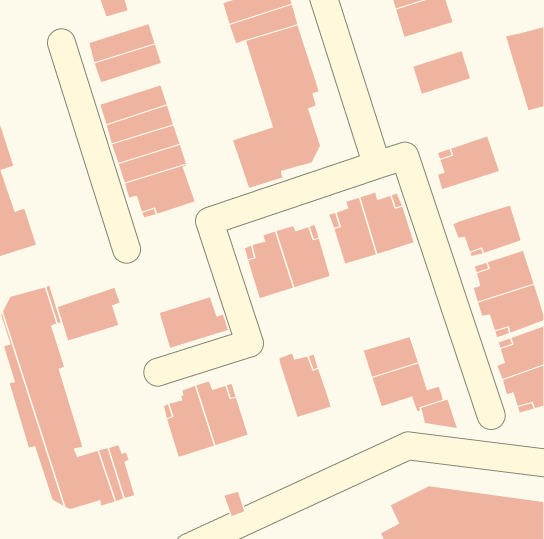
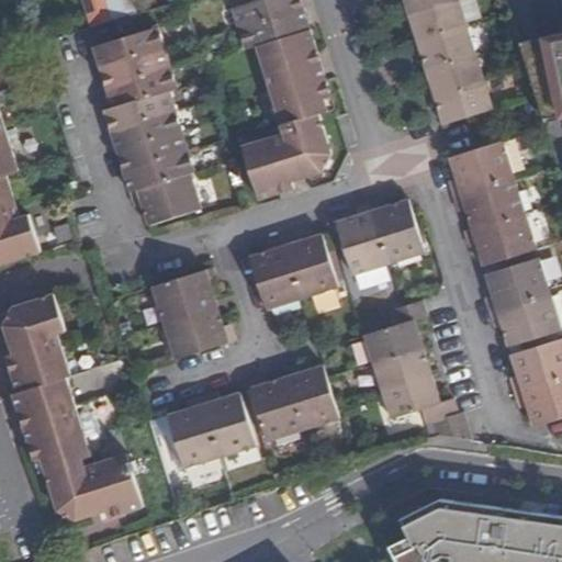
building: none -> [414,27,473,72]
building: none -> [105,69,175,109]
building: none -> [431,85,491,127]
building: none -> [452,179,522,229]
building: [57,287,120,341] -> [154,268,218,323]
building: none -> [363,300,426,361]
building: none -> [248,374,305,440]

